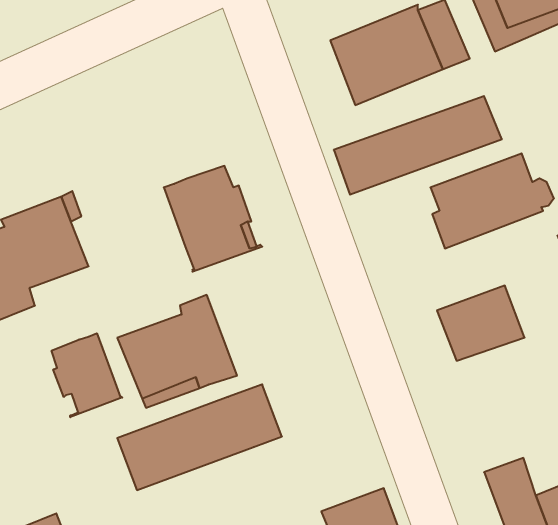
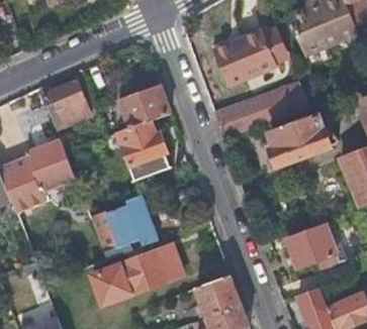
building: none -> [42,81,90,129]
building: none -> [120,84,171,128]
building: [437,286,525,361] -> [286,224,336,266]
building: [52,333,122,417] -> none
building: none -> [196,275,242,316]

